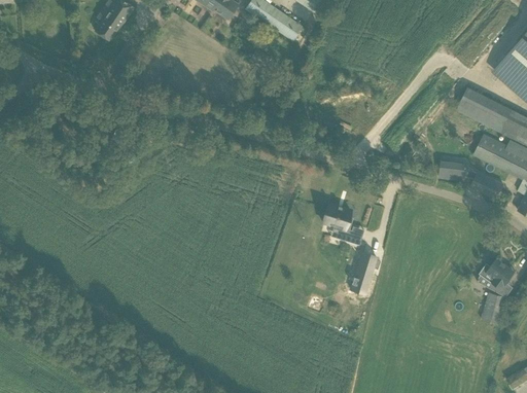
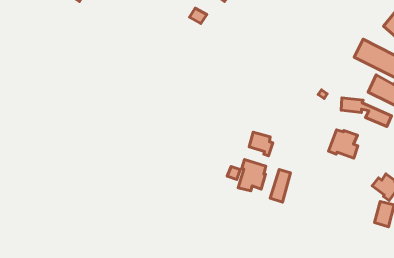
building: none -> [328,130,358,158]
building: none -> [238,160,266,191]

